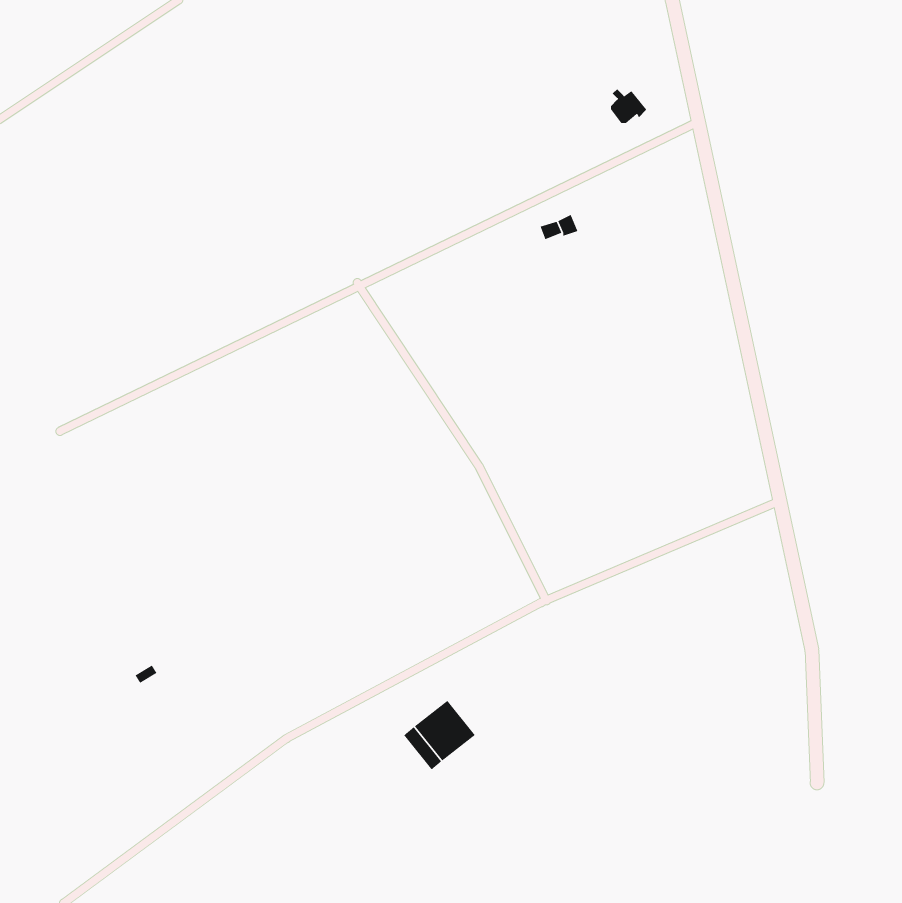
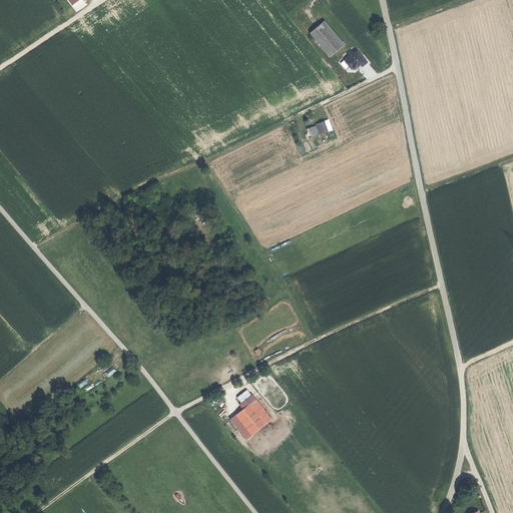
building: none -> [310,21,344,56]

